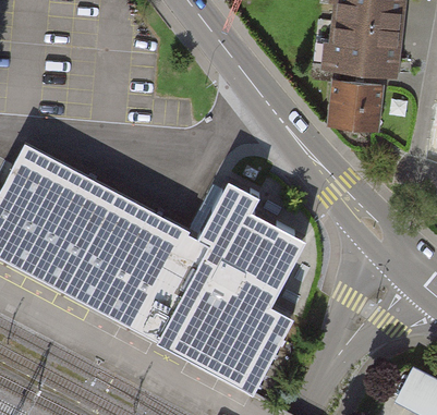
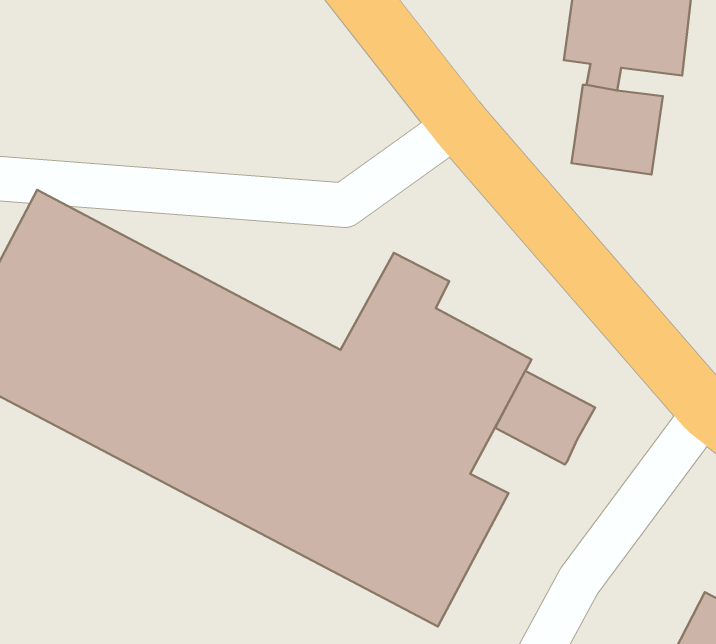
building: none -> [495,371,595,465]

